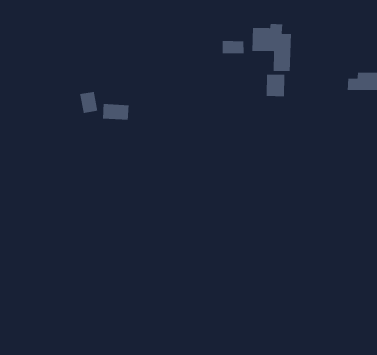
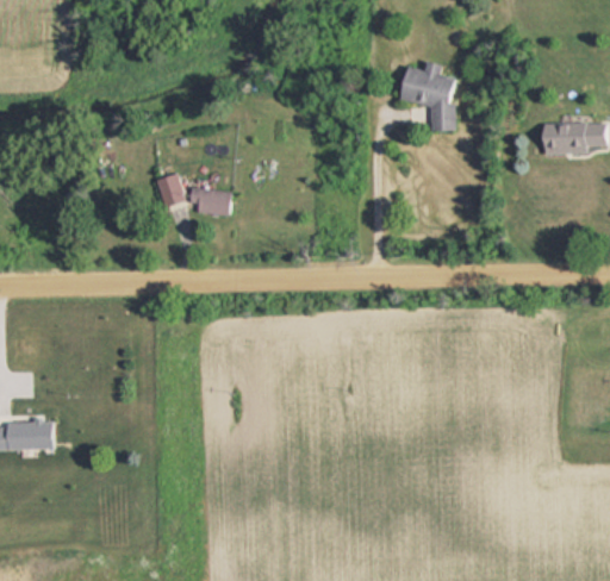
building: [222,40,244,54] -> none
building: [266,74,285,97] -> none

